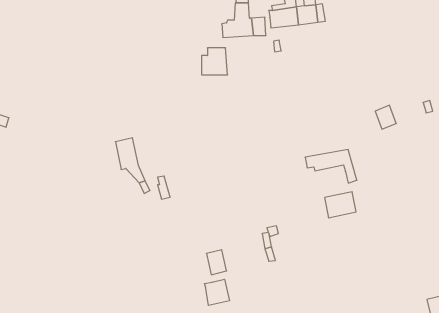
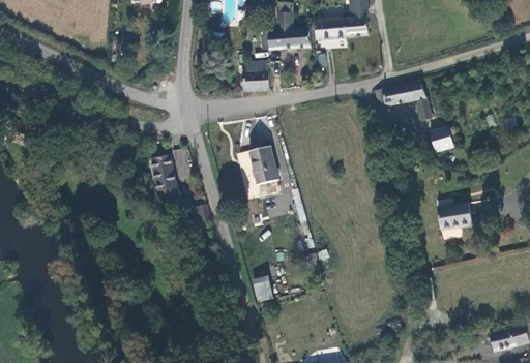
building: none -> [249,151,277,190]
building: [305,150,357,183] -> [374,82,430,118]
building: [325,192,356,218] -> [435,205,469,233]
building: [204,279,229,305] -> none

